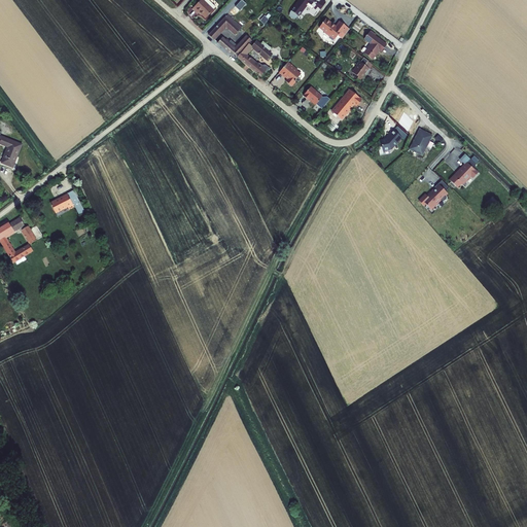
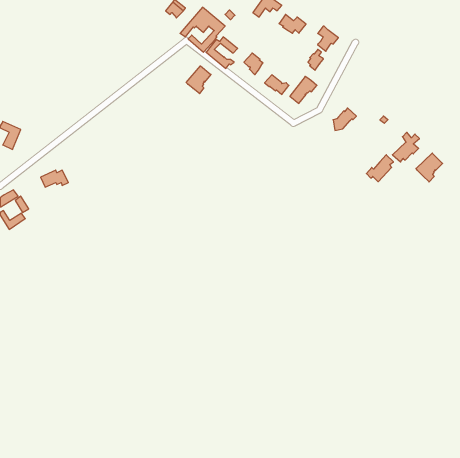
building: none -> [186,66,211,94]
building: [409,126,433,154] -> none
building: none -> [416,153,443,182]

